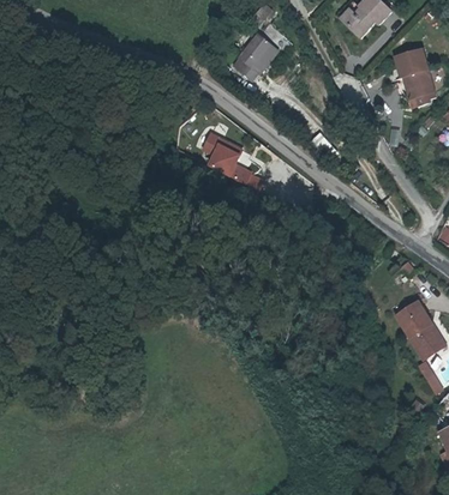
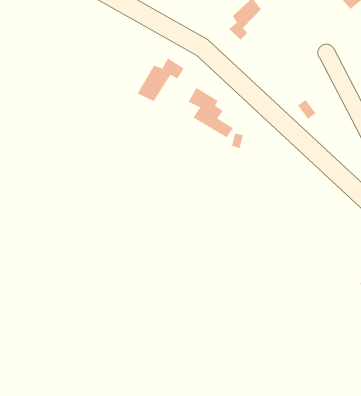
building: none -> [137,57,184,102]

